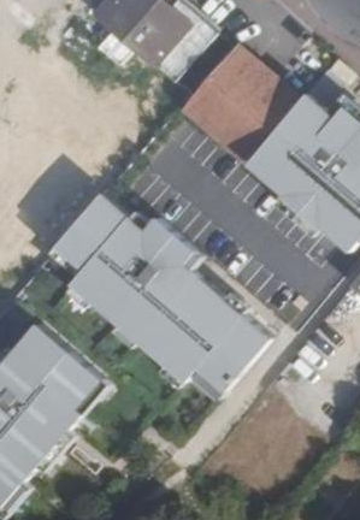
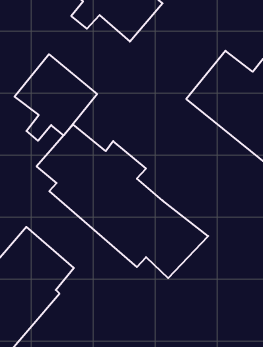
building: [189,49,299,159] -> none
building: none -> [15,54,97,141]

